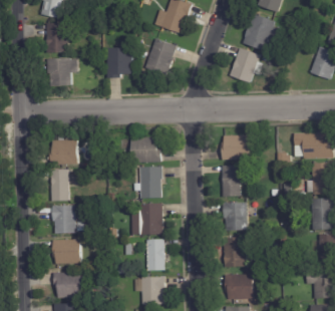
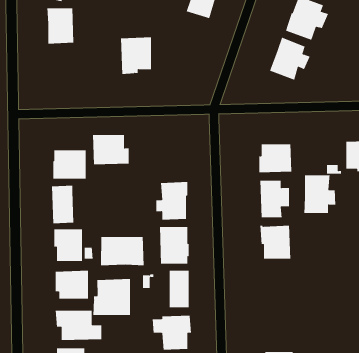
building: [143,38,177,75] -> none
building: [45,58,78,86] -> none
building: [129,137,160,163] -> [92,135,130,165]
building: none -> [304,175,336,214]
building: none -> [100,236,144,266]
building: [224,238,253,268] -> none
building: none -> [93,278,131,316]
building: [225,275,253,300] -> none

